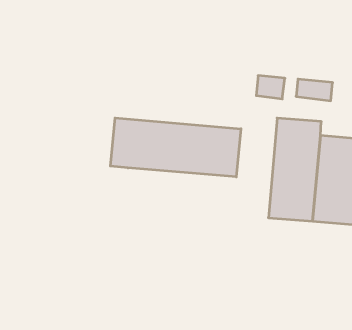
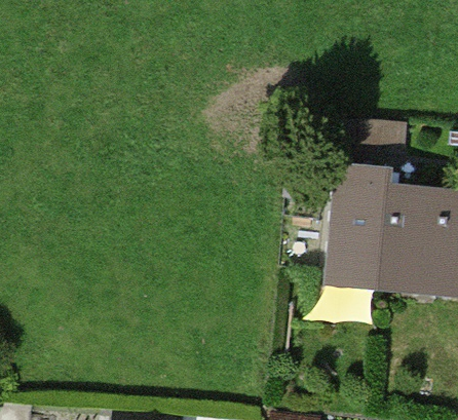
building: [110,118,241,177] -> none

